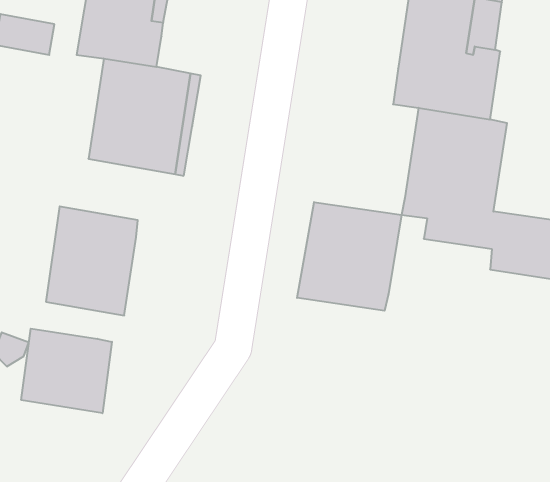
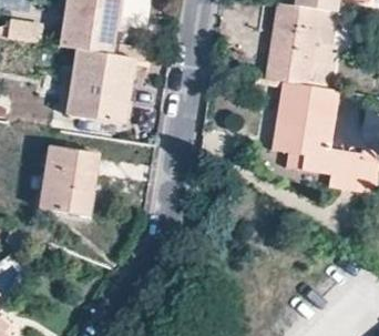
building: [297,202,402,311] -> none
building: [21,329,112,413] -> none

